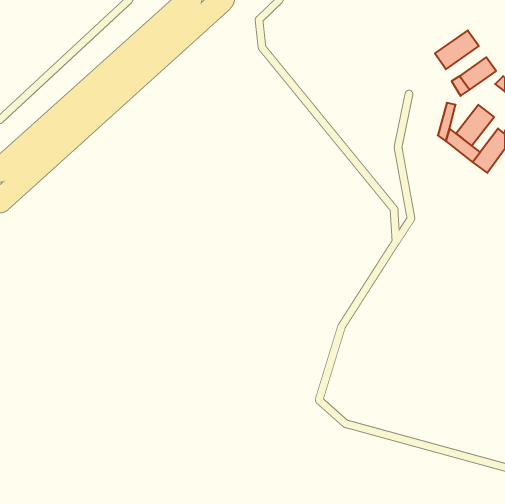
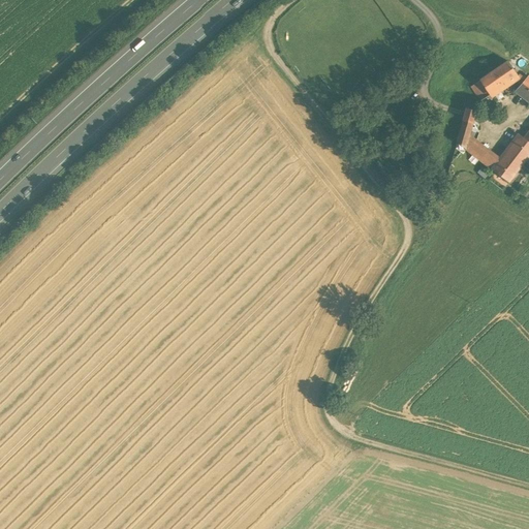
building: [435,30,479,69] -> none
building: [456,105,494,146] -> none

